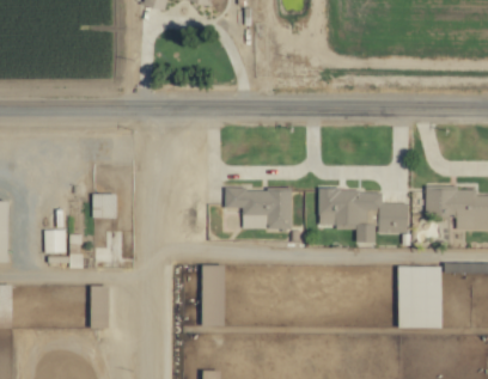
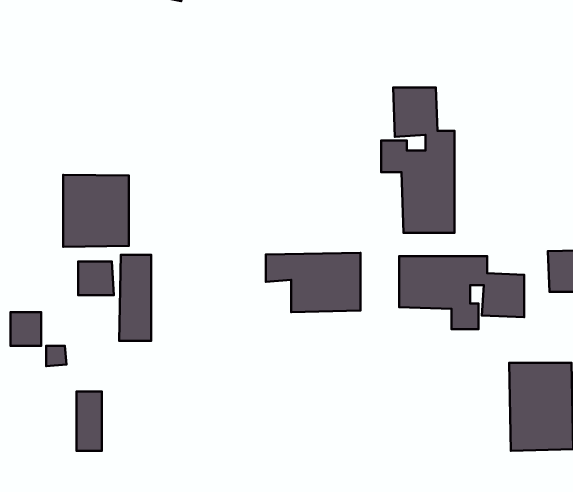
building: none -> [381,88,455,233]
building: none -> [63,175,129,247]
building: [202,264,225,325] -> [119,255,151,341]

